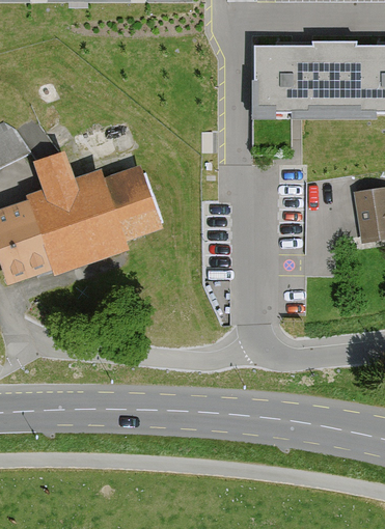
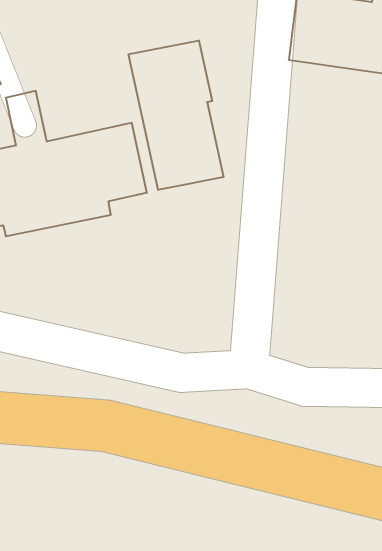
building: none -> [129,40,223,190]

